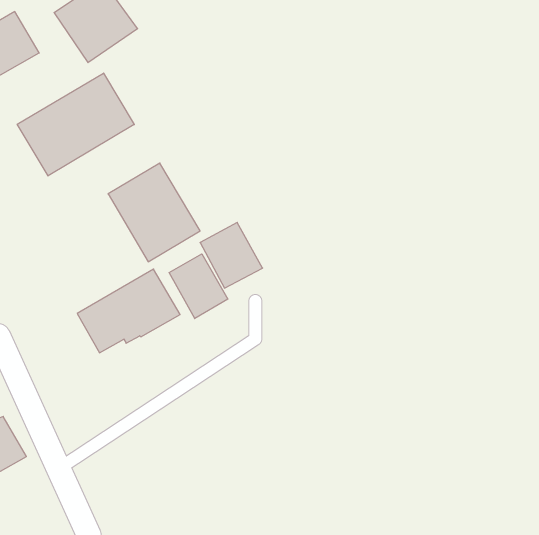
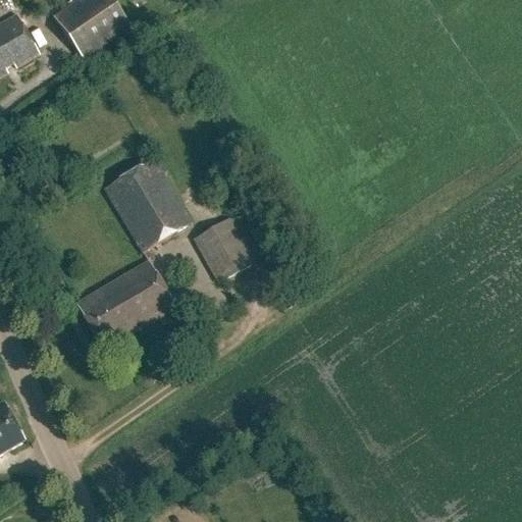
building: [17,73,134,176] -> none
building: [169,254,228,319] -> none

